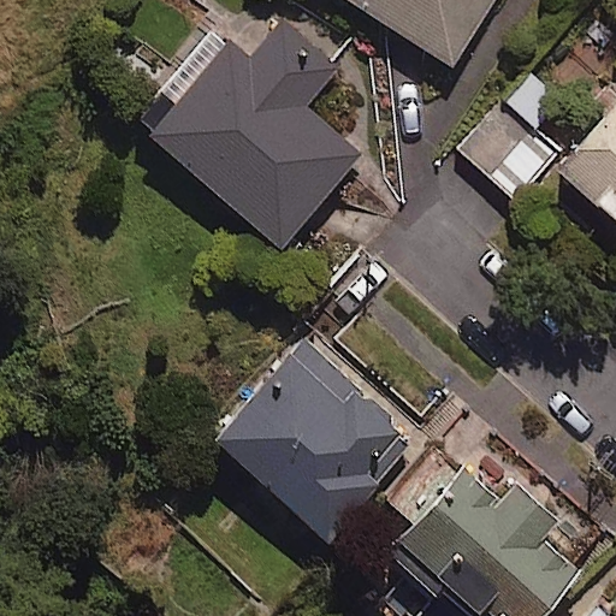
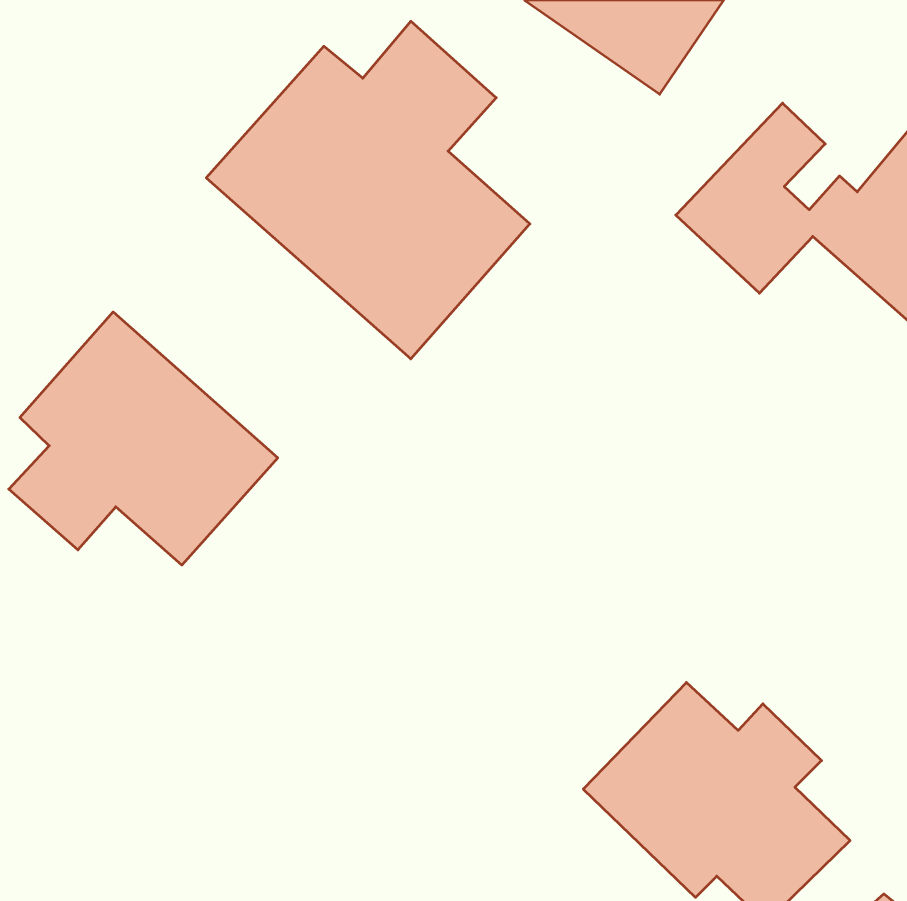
building: none -> [9,312,278,565]
building: [213,337,417,541] -> none

